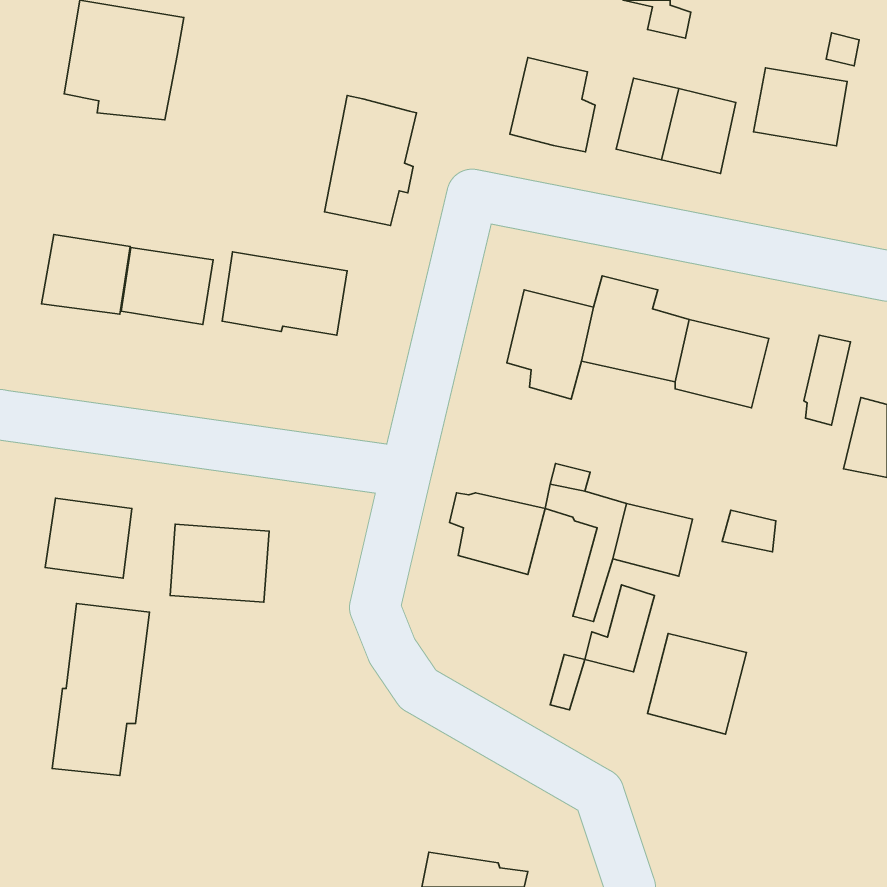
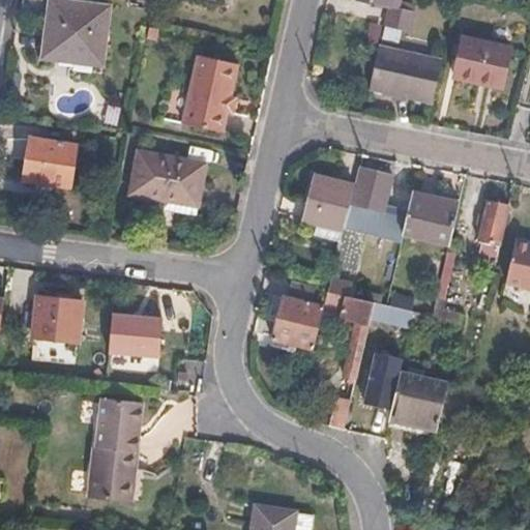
building: [510,57,595,152] -> none
building: [121,248,213,325] -> none
building: [52,604,149,775] -> [92,398,150,500]

